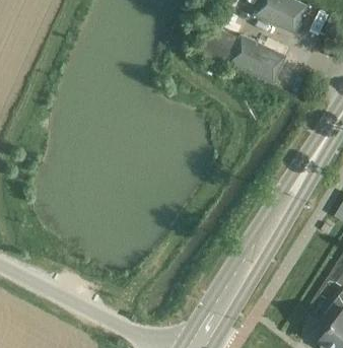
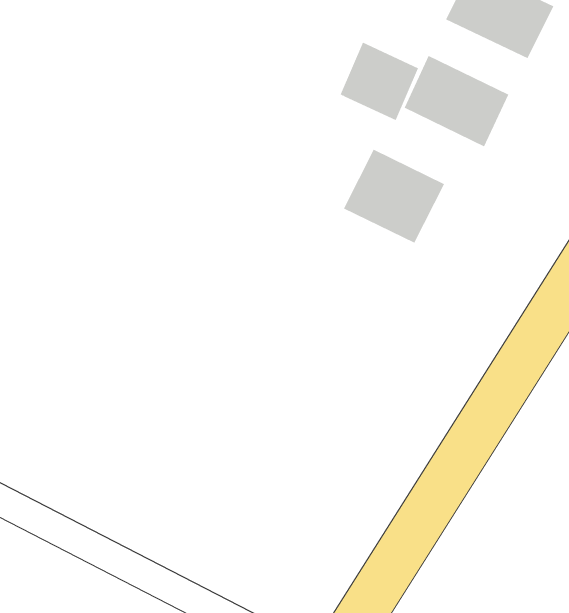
building: none -> [343,149,445,244]

